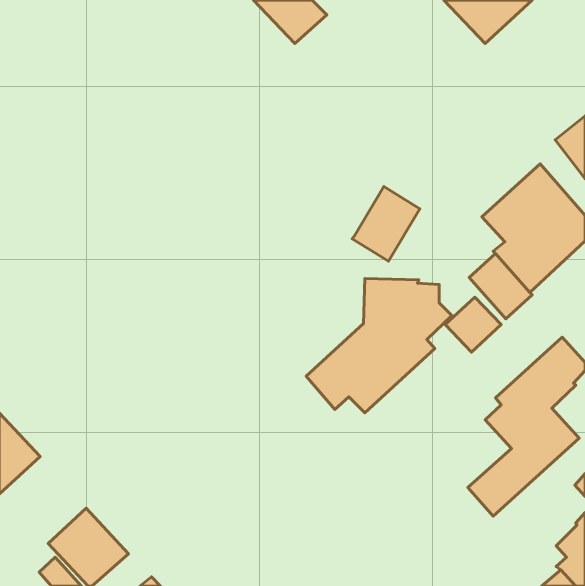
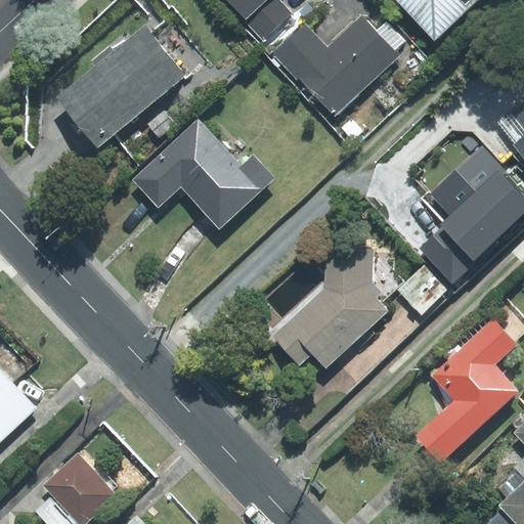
building: none -> [271,15,398,116]
building: none -> [56,26,184,145]
building: none -> [131,120,273,227]
building: [352,187,420,261] -> none

